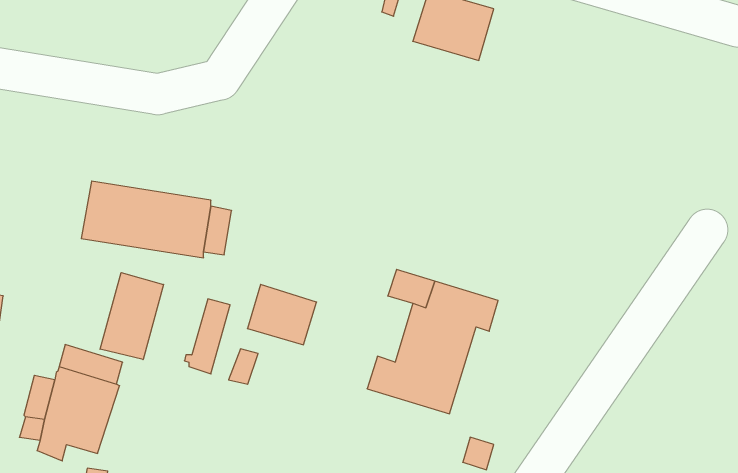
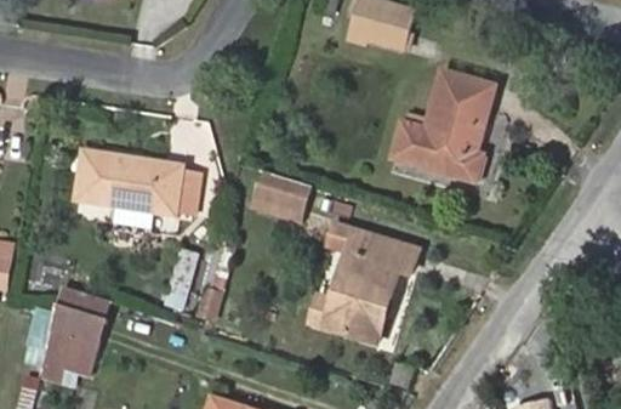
building: none -> [393,70,496,181]
building: [100,273,164,360] -> none
building: [247,284,317,345] -> [252,172,309,222]

